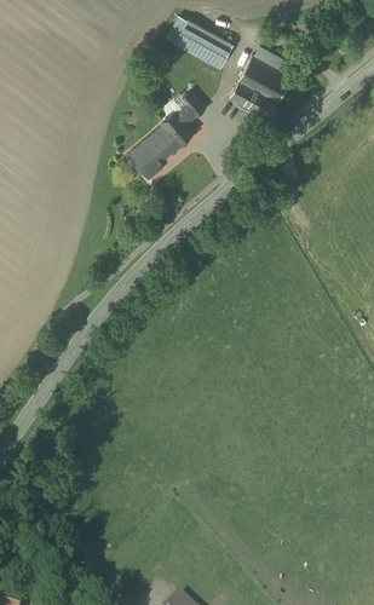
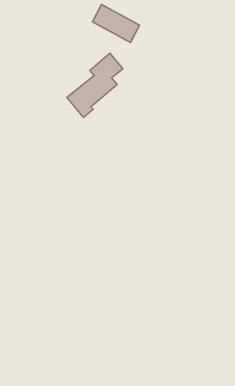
building: [231,46,299,121] -> none

